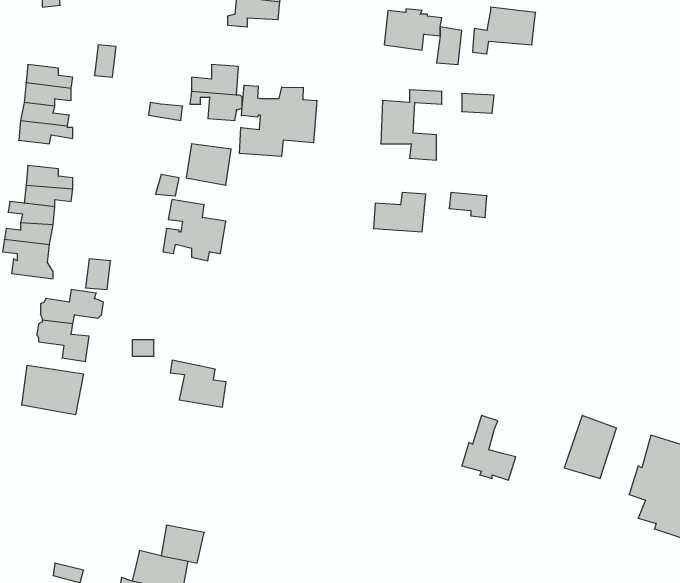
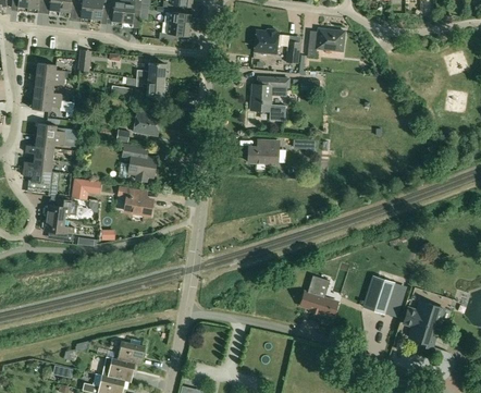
building: [239,85,317,157] -> none
building: [170,360,226,407] -> [120,187,153,216]
building: [22,365,83,415] -> none

